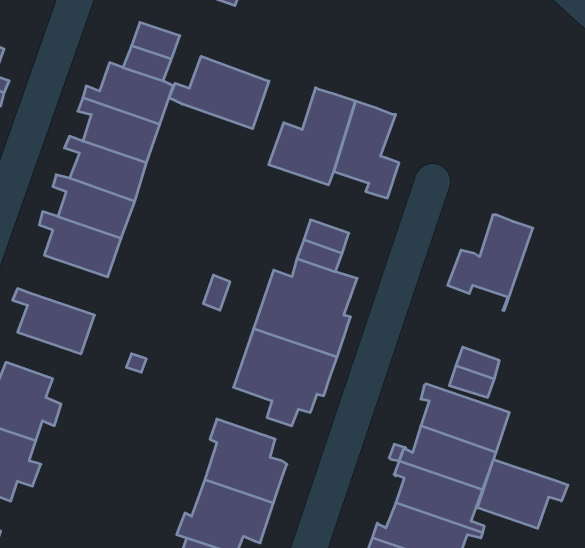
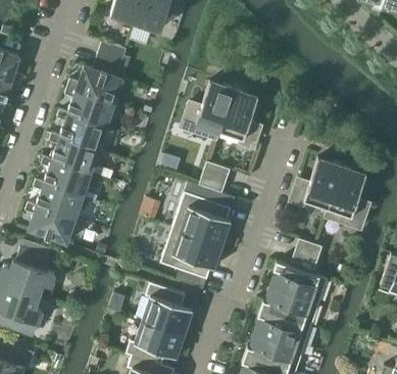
building: [169,56,269,129] -> none
building: none -> [325,167,368,229]
building: none -> [33,180,83,220]
building: [477,459,568,528] -> none

